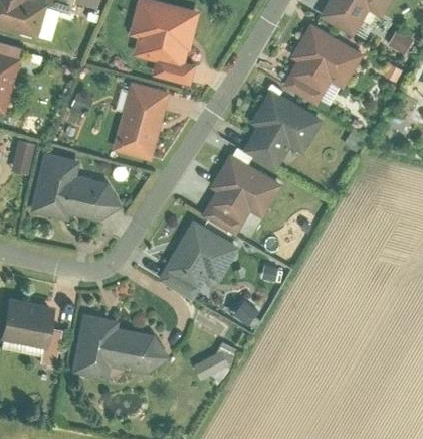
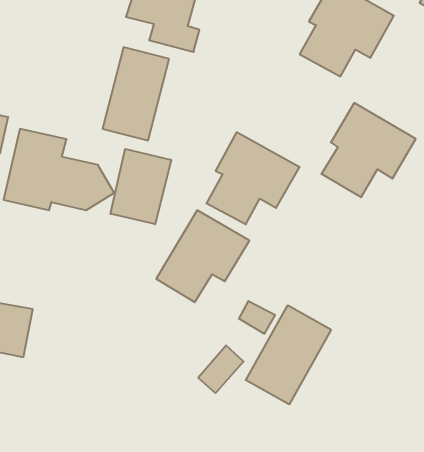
building: [242,89,324,170] -> [321,103,416,197]
building: none -> [110,149,171,224]
building: none -> [246,305,331,404]
building: [70,314,170,379] -> none

